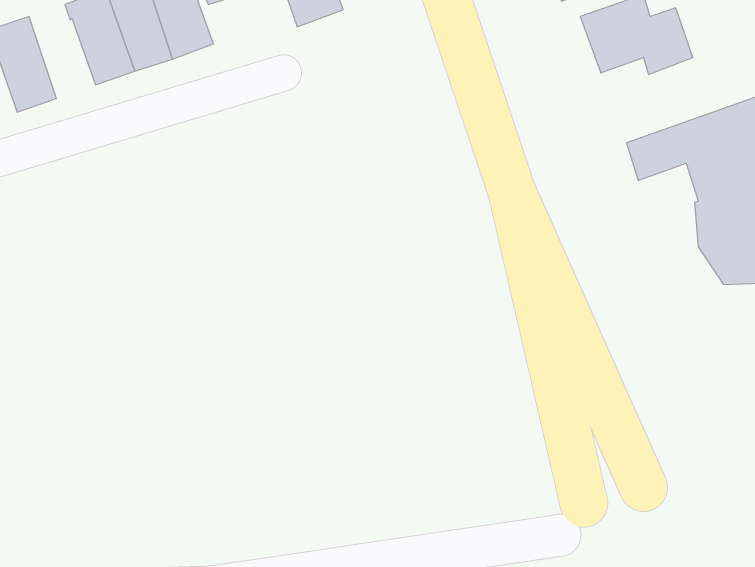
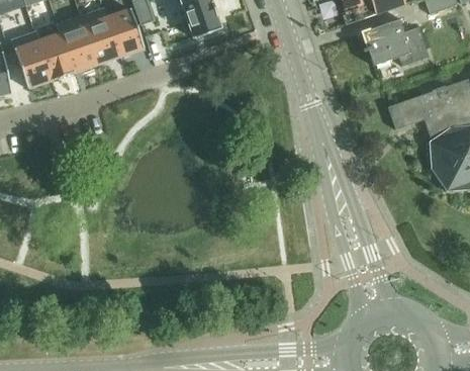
building: none -> [37,32,74,80]

